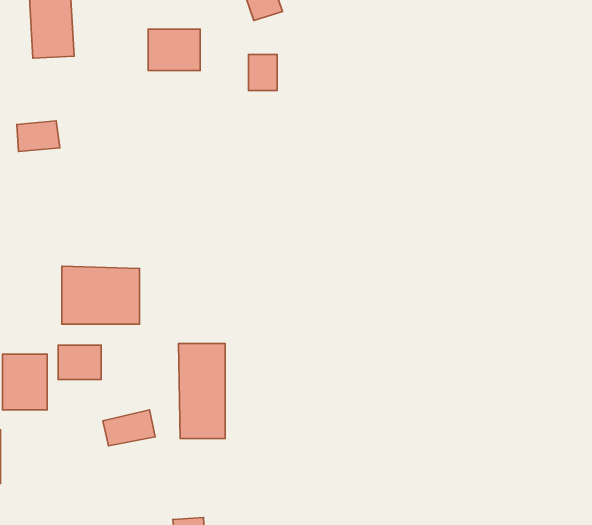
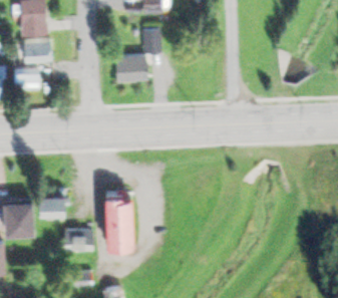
building: [148,29,200,71] -> [116,57,145,80]
building: none -> [24,41,51,63]
building: [62,266,139,324] -> none

